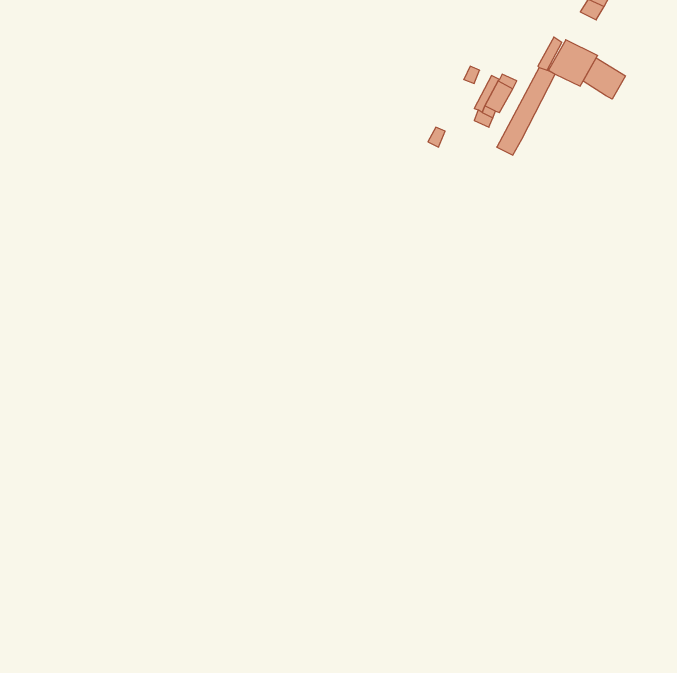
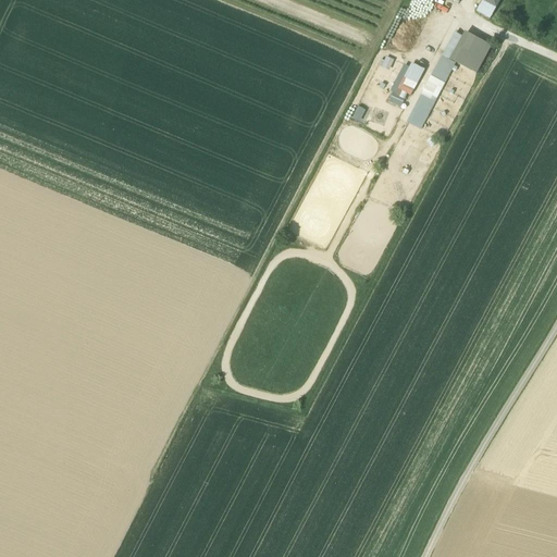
building: [583,58,625,99] -> none

